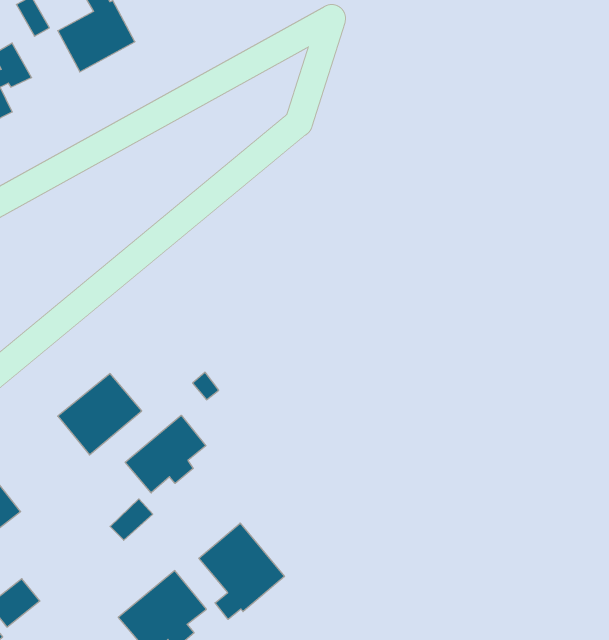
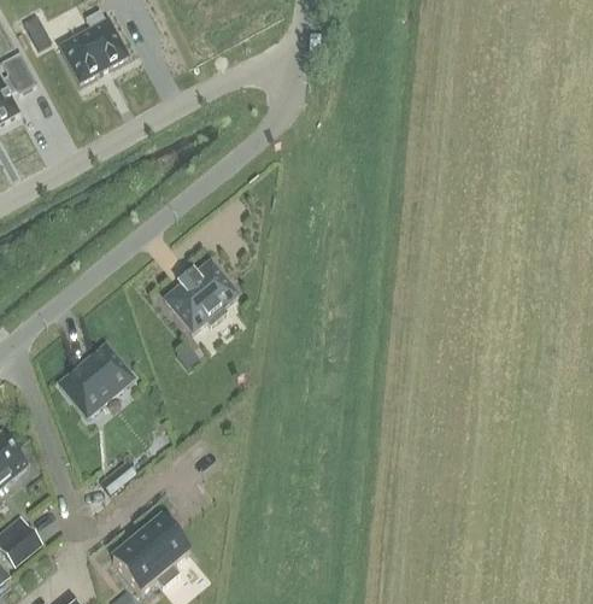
building: none -> [165,258,237,329]
building: [125,415,206,493] -> none
building: [199,523,284,619] -> none

